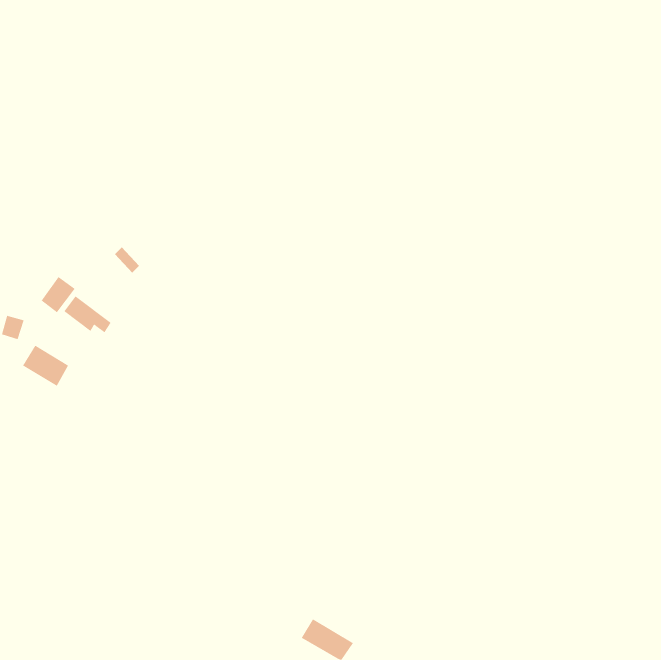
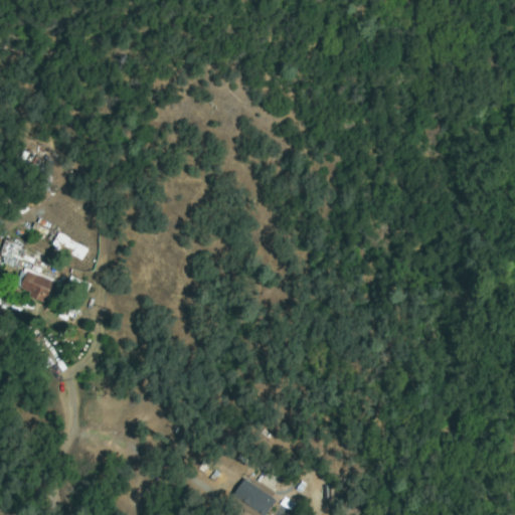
building: [41,276,76,313] -> none

